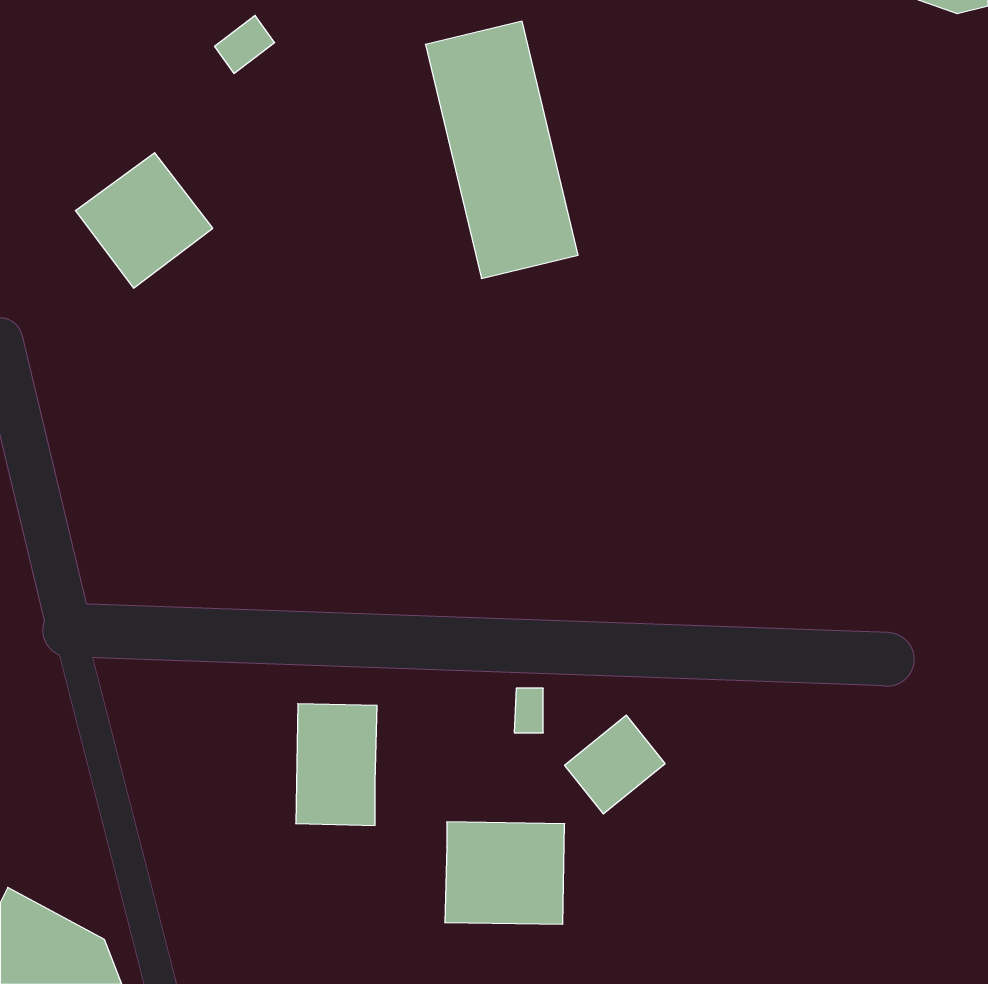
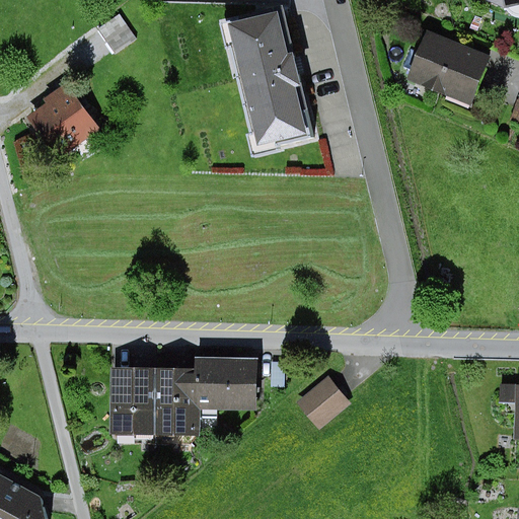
building: none -> [409,33,489,108]
building: none -> [113,368,156,432]
building: [445,822,565,924] -> [197,357,260,411]

